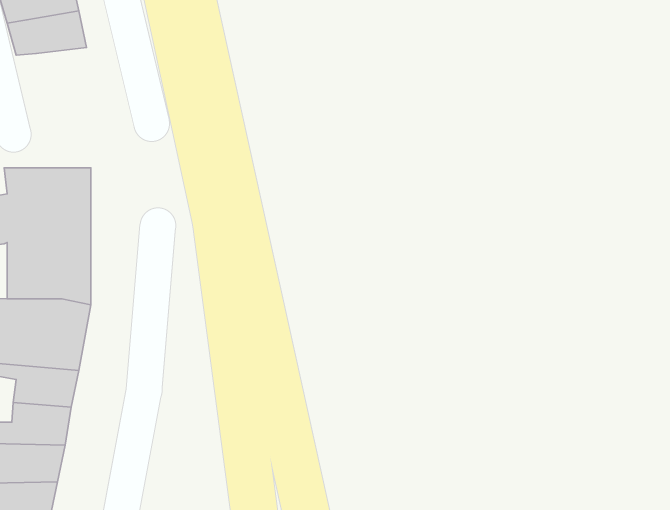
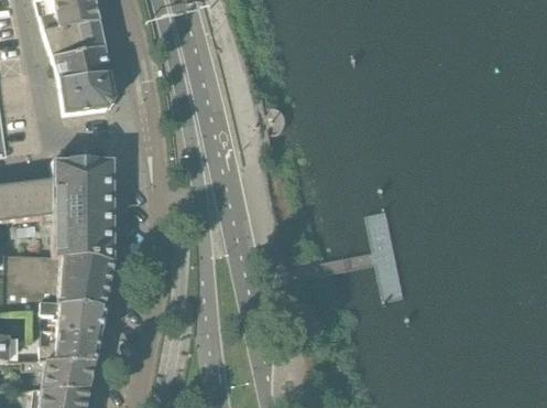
building: none -> [59,72,114,112]

